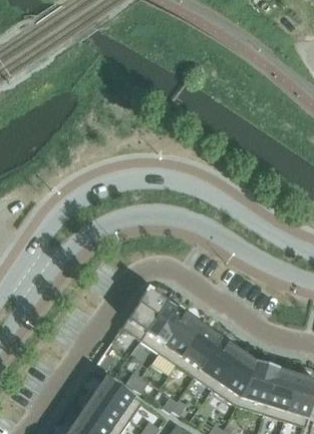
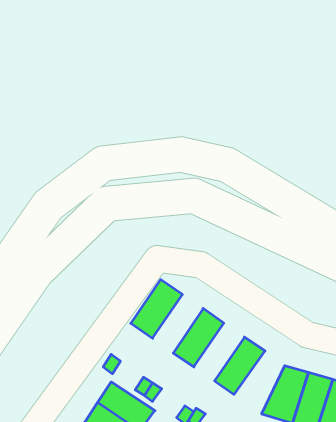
building: [139,300,184,351] -> none
building: [176,325,220,375] -> none
building: [211,349,255,404] -> none

